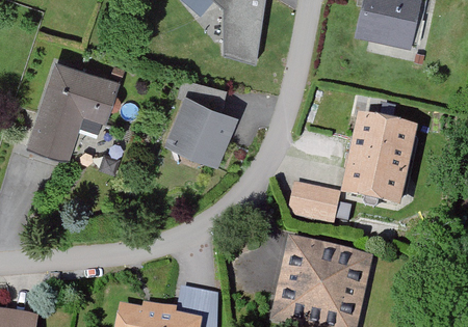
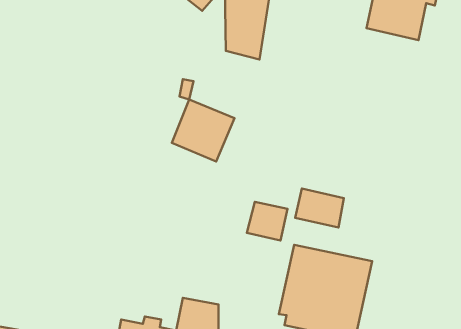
building: [28,64,124,162] -> none
building: [346,121,412,208] -> none
building: none -> [247,202,288,240]

